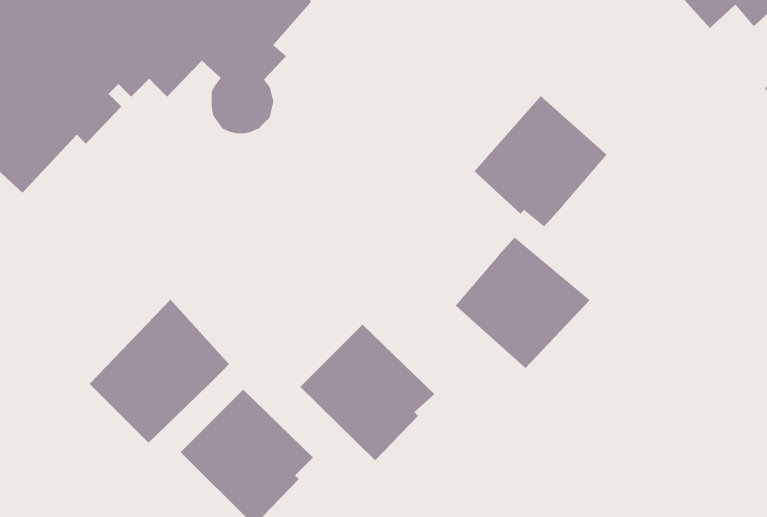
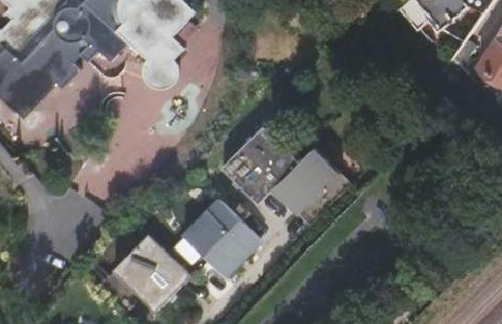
building: [474,95,607,227] -> [222,123,298,199]
building: [89,299,230,444] -> none

